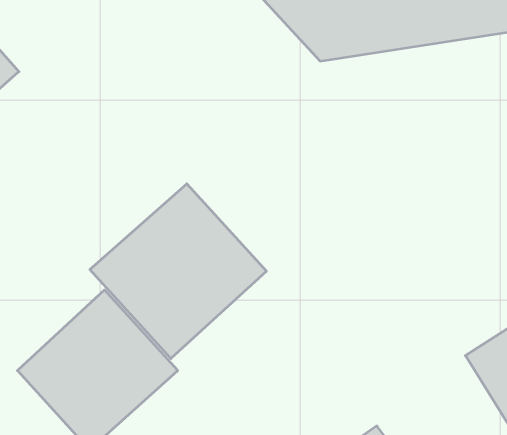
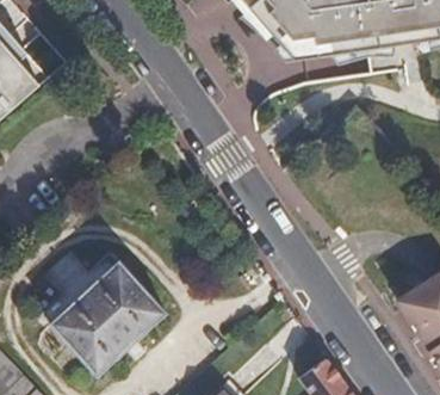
building: [90,184,266,359] -> none

